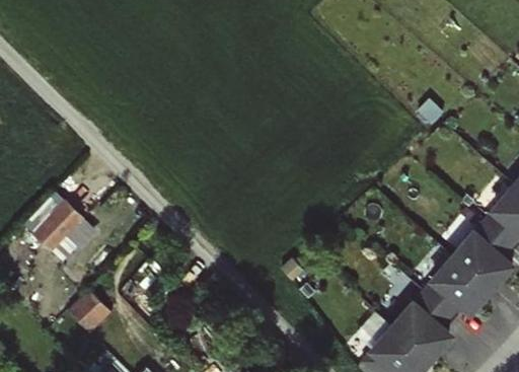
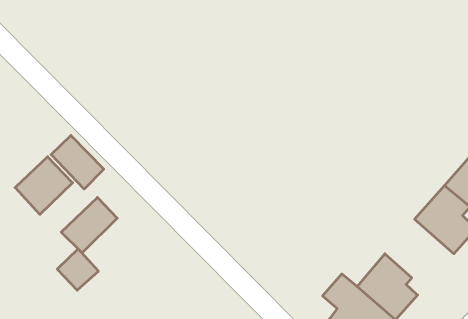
building: none -> [51,135,104,189]
building: none -> [61,197,117,253]
building: [419,256,492,320] -> none

